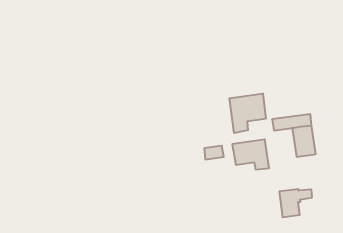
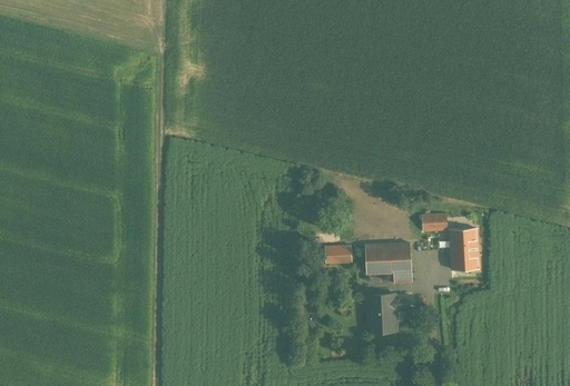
building: [229,93,266,133] -> none
building: [279,189,312,217] -> [370,295,414,331]

